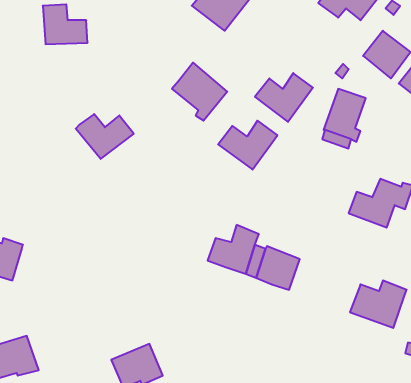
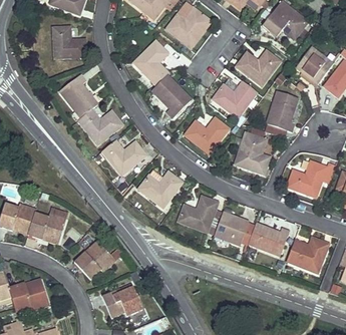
building: none -> [129,40,165,85]
building: none -> [236,49,280,83]
building: none -> [58,75,96,118]
building: none -> [232,127,267,173]
building: none -> [100,140,144,176]
building: none -> [135,171,180,207]
building: none -> [28,210,67,246]
building: none -> [247,222,289,255]
building: none -> [75,242,124,280]

